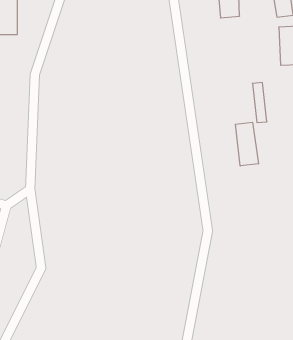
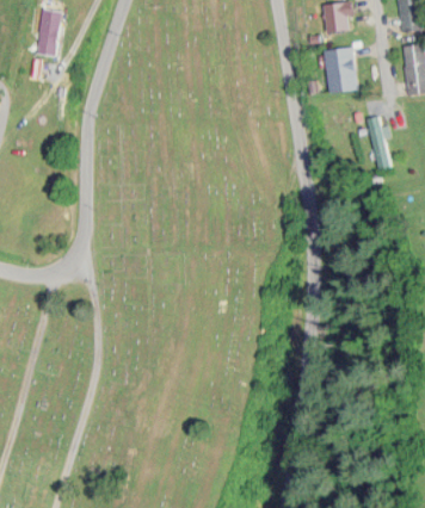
building: none -> [325,47,357,93]
building: [235,122,258,166] -> none

